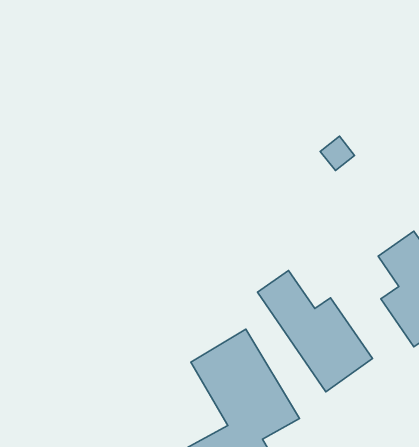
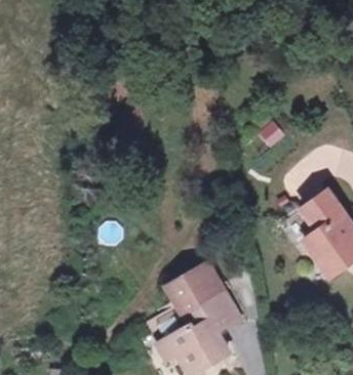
building: [257,271,373,392] -> none

